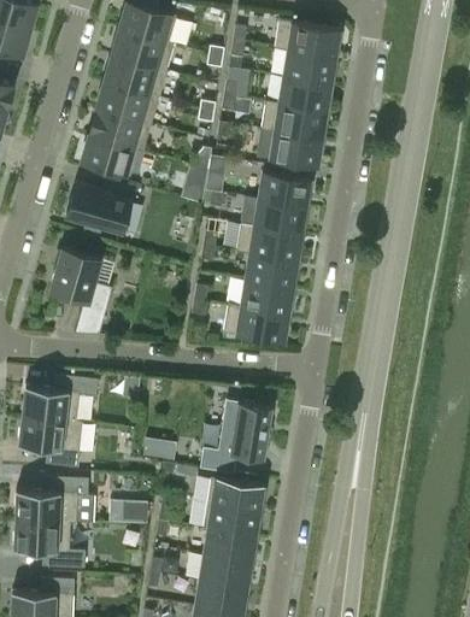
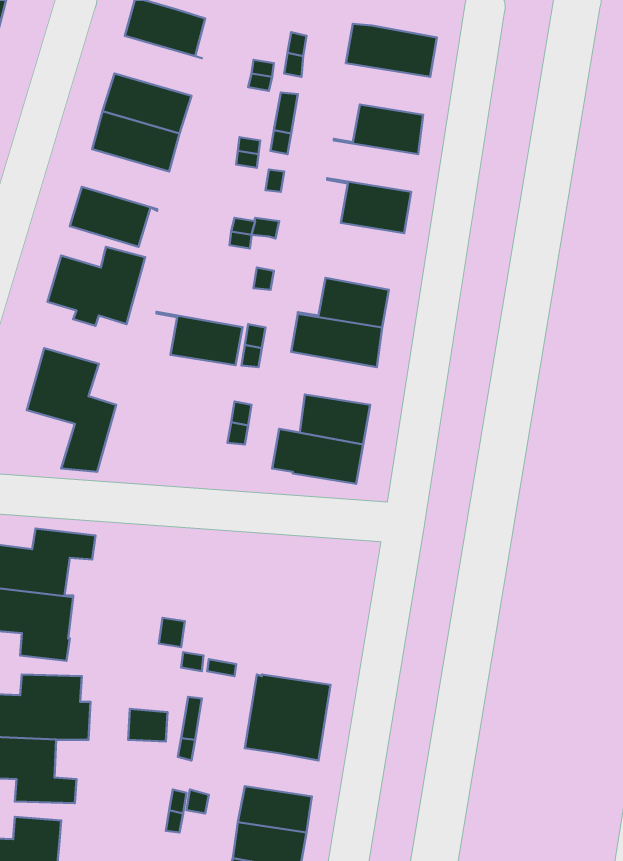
building: [112,29,174,71] -> none
building: [275,48,334,84] -> none
building: [262,102,325,139] -> none
building: [89,108,151,151] -> none
building: [260,171,310,207] -> none
building: [236,251,296,288] -> [157,312,242,365]
building: [215,401,272,474] -> none
building: [202,529,255,563] -> none

